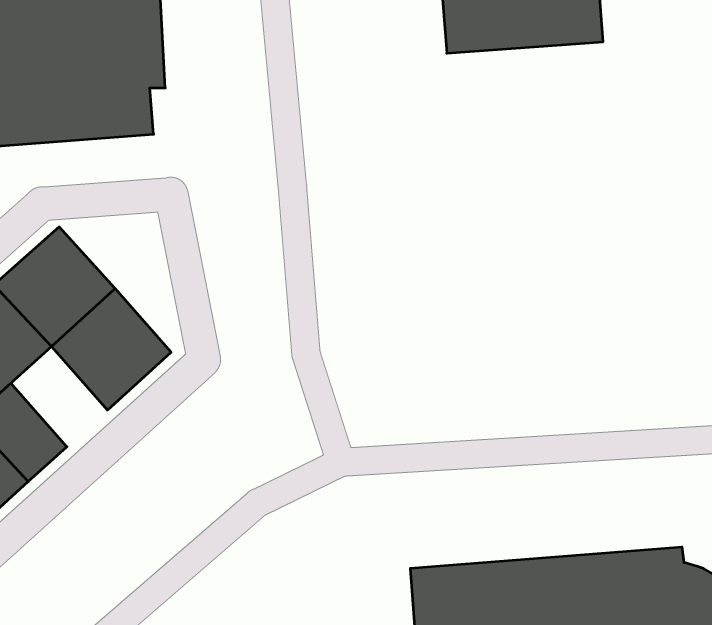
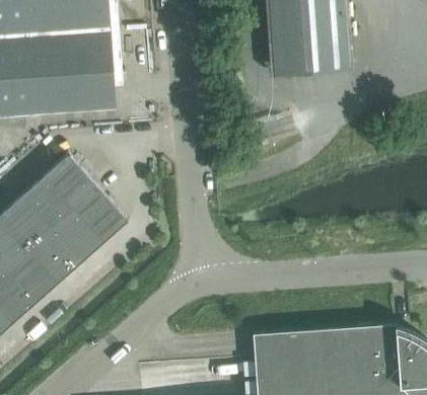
building: none -> [41,220,91,272]

